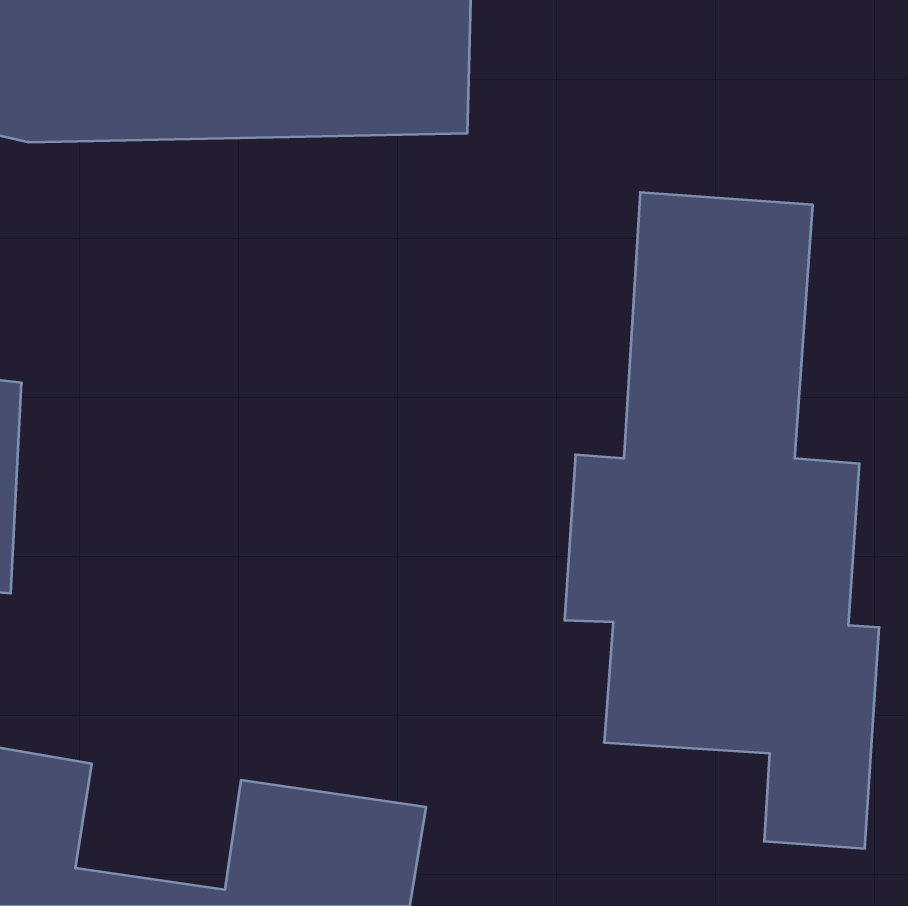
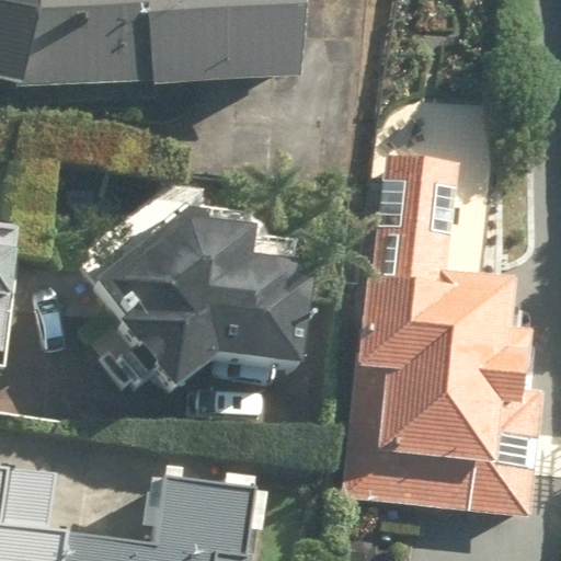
building: none -> [96,226,297,398]

